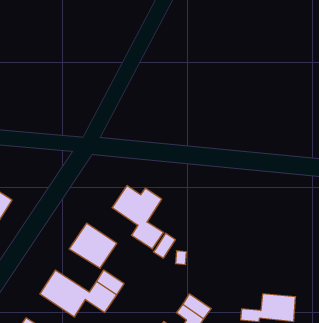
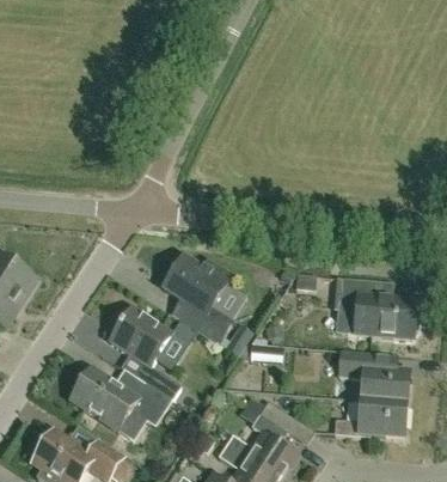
building: none -> [338,277,415,336]
building: none -> [338,350,408,403]

